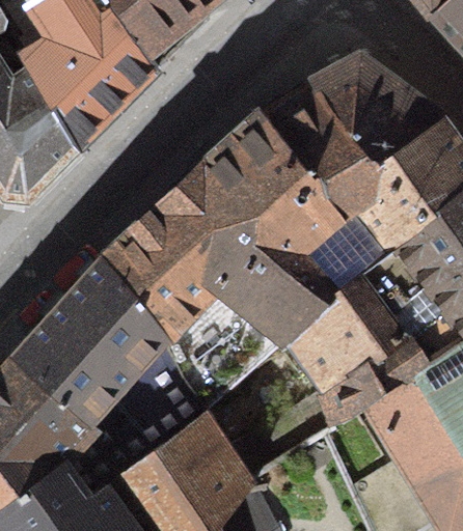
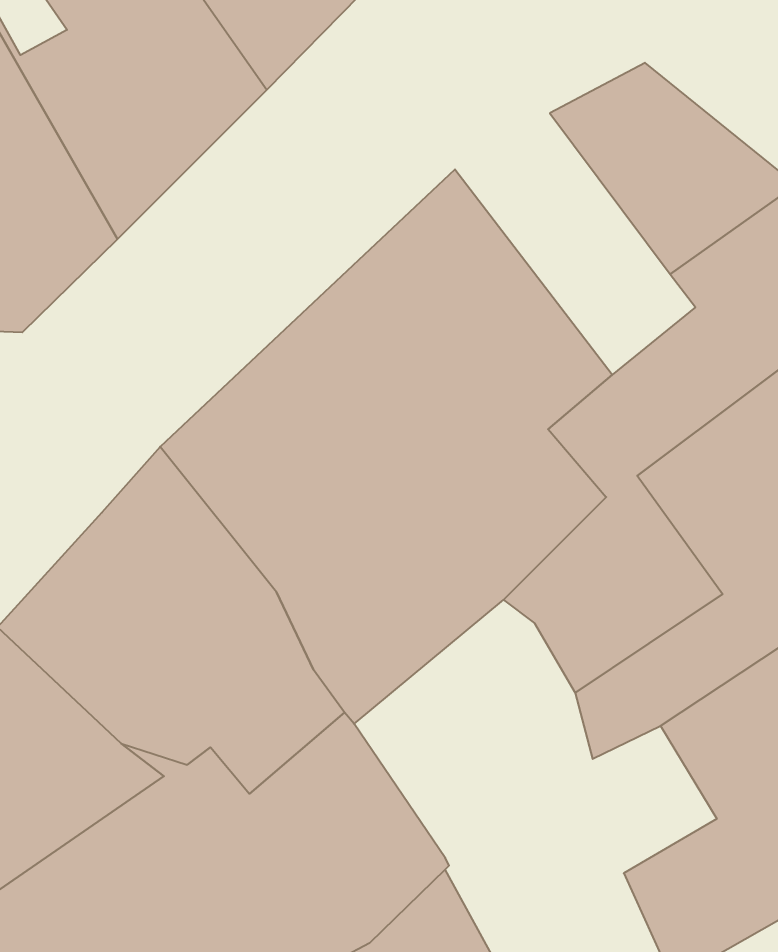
building: [258,78,387,218] -> none

